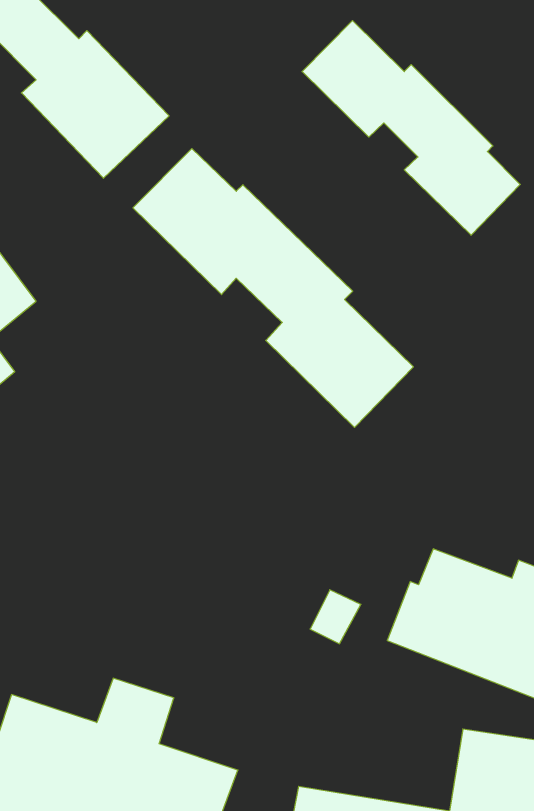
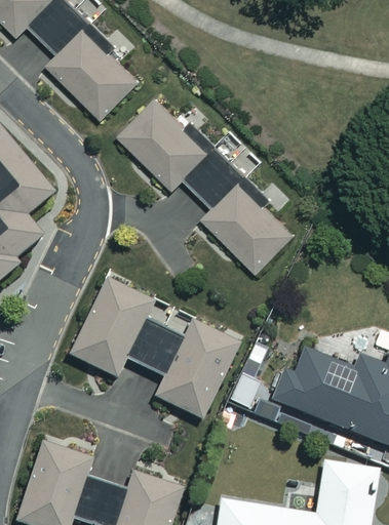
building: [302,21,520,235] -> none
building: none -> [67,279,237,419]

